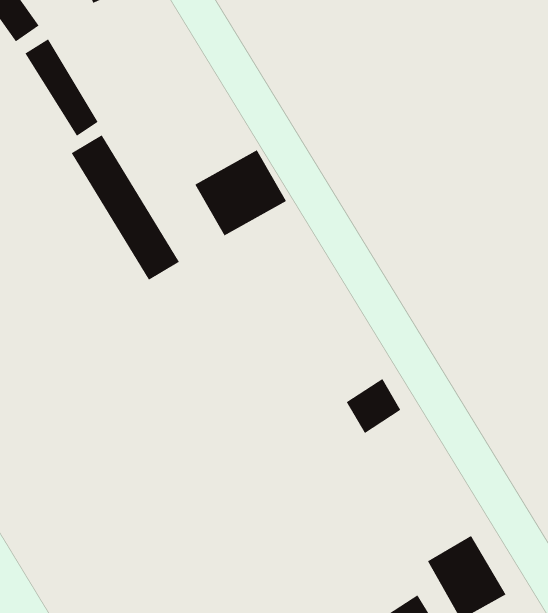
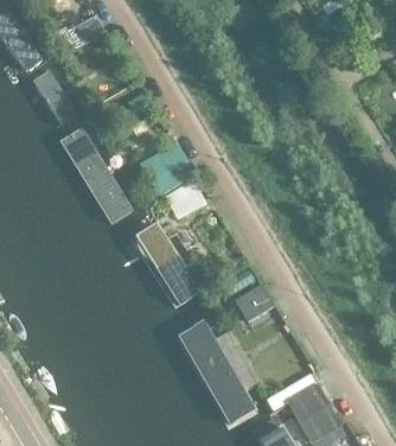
building: none -> [134,223,198,302]
building: none -> [184,321,253,422]

